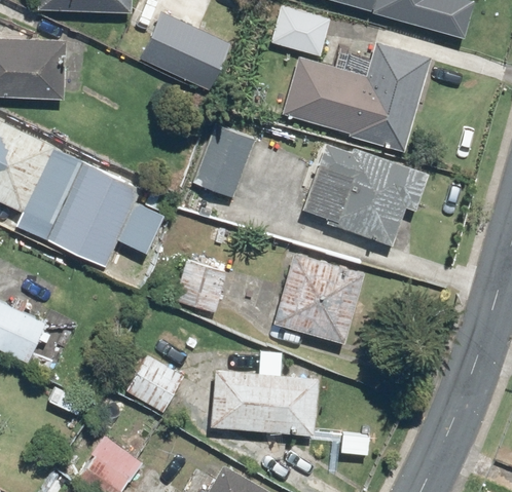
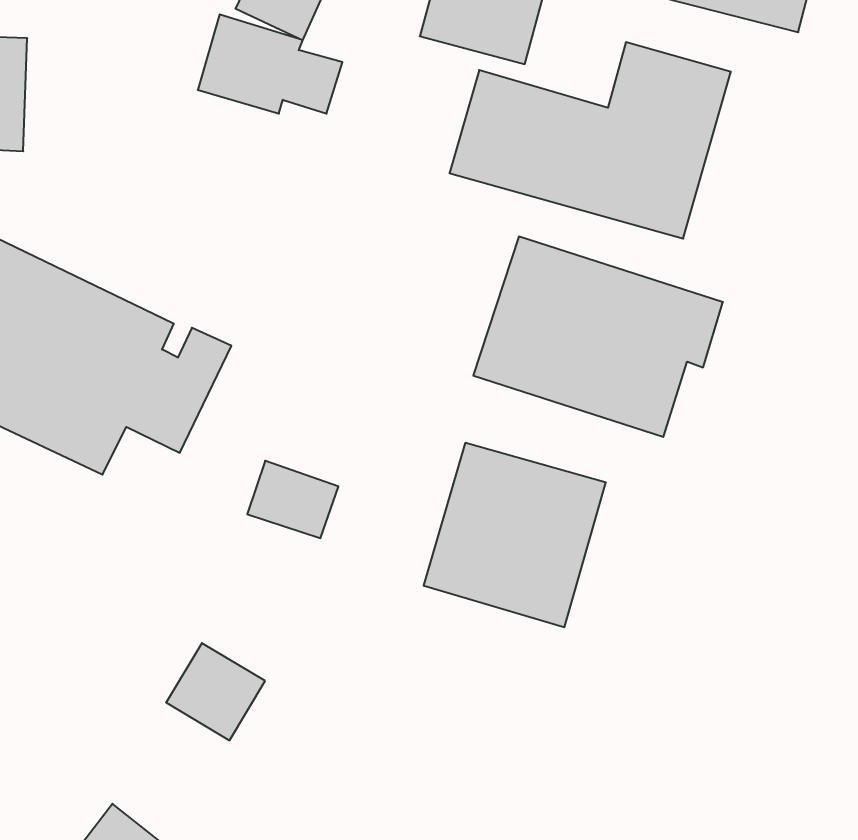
building: [191,123,255,197] -> none
building: [209,370,318,437] -> none

